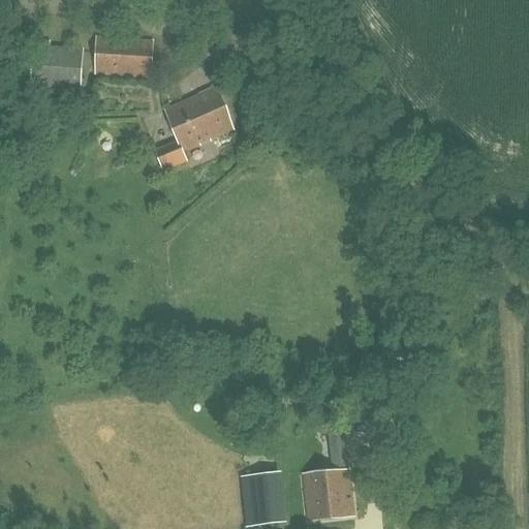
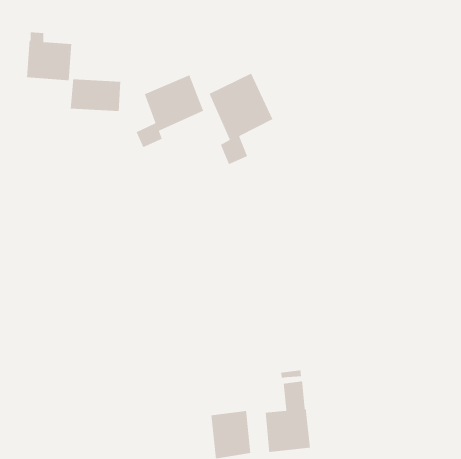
building: [94,36,153,74] -> [70,78,121,112]
building: none -> [209,72,273,165]

